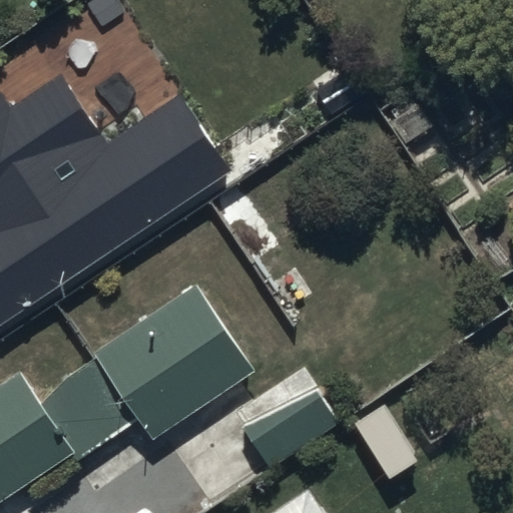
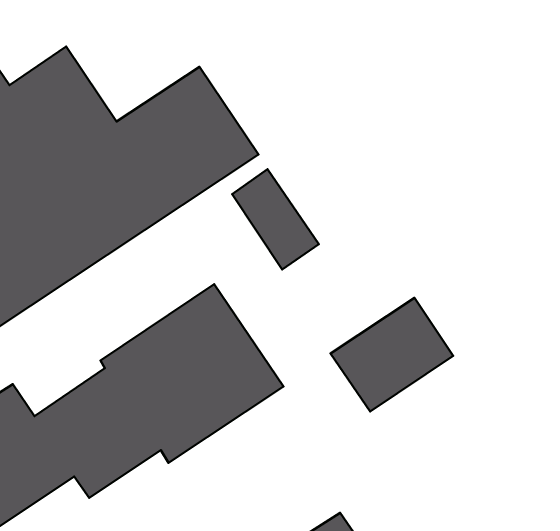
building: [232,374,341,474] -> [330,298,453,412]

